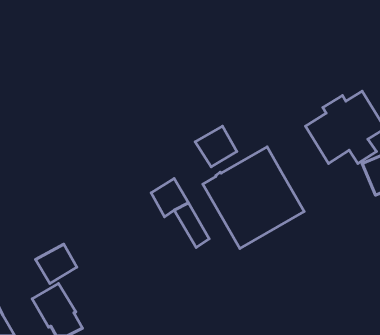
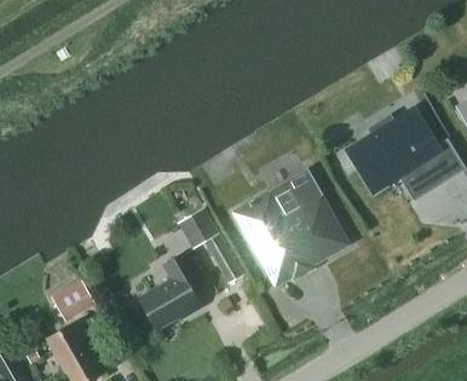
building: [195,126,237,167] -> none
building: none -> [139,250,206,329]

